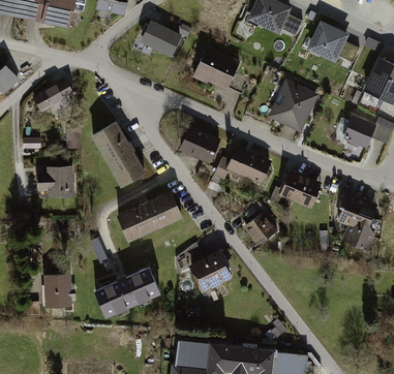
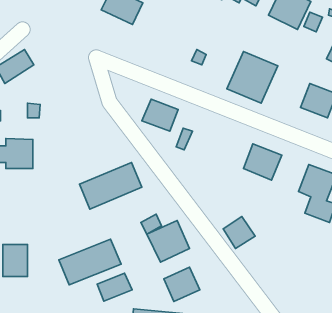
building: [195,48,241,91] -> none
building: [93,122,143,183] -> none
building: [230,148,271,183] -> none
building: [244,210,276,242] -> [223,216,255,249]
building: none -> [164,267,200,302]
building: none -> [97,273,132,301]

